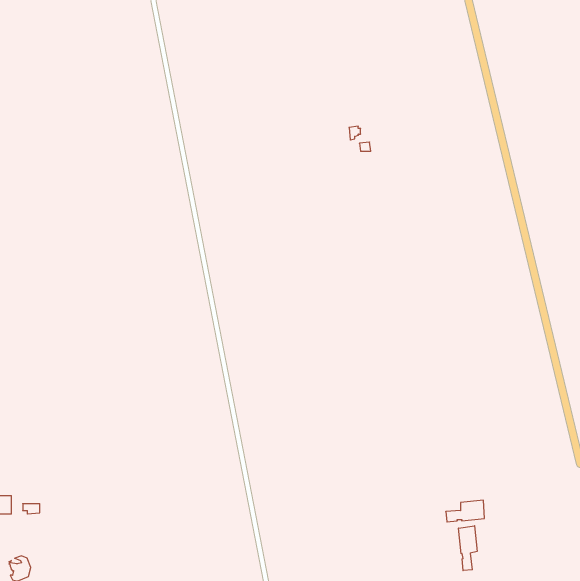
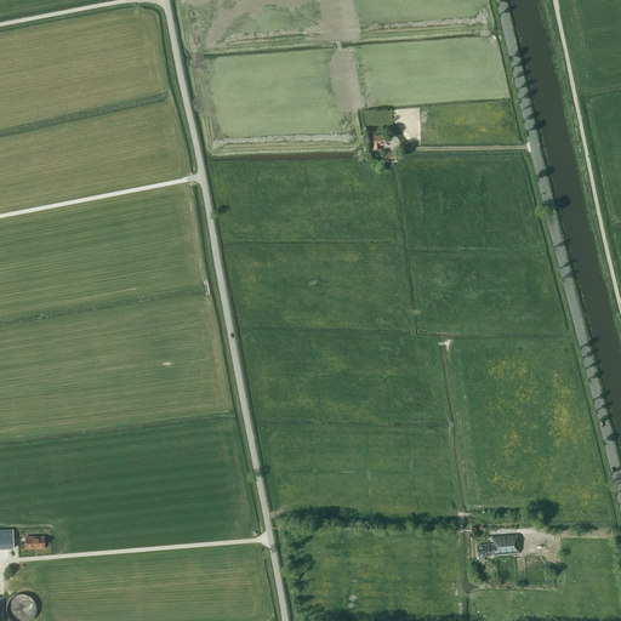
building: [459,526,477,571] -> none

